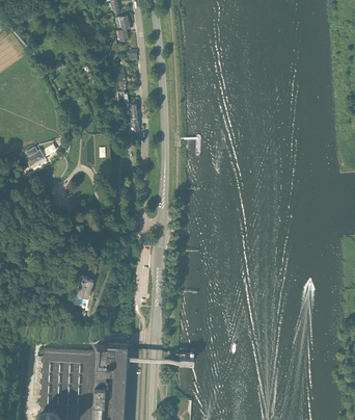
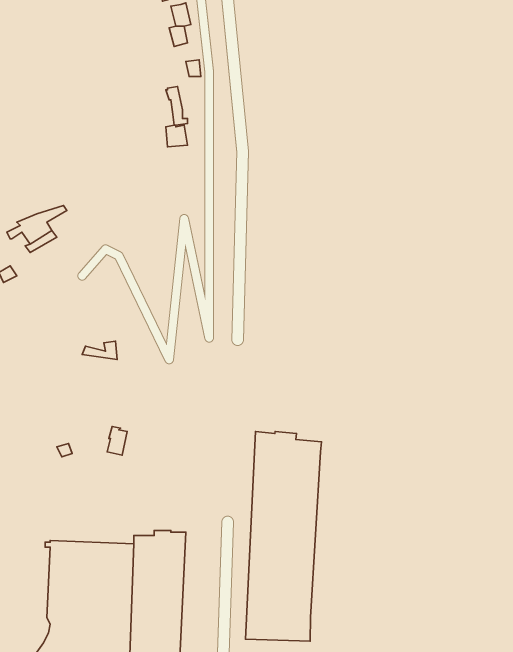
building: none -> [246,431,322,641]

